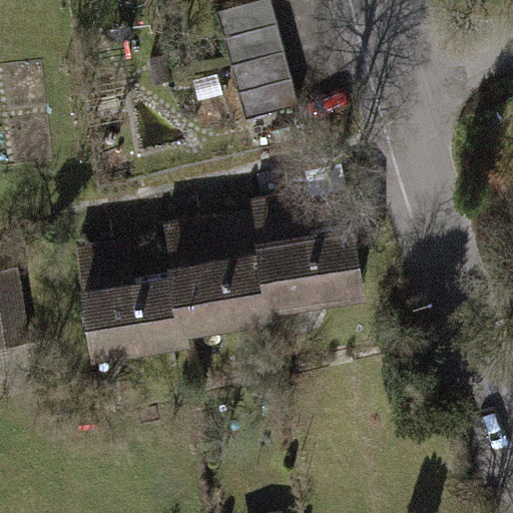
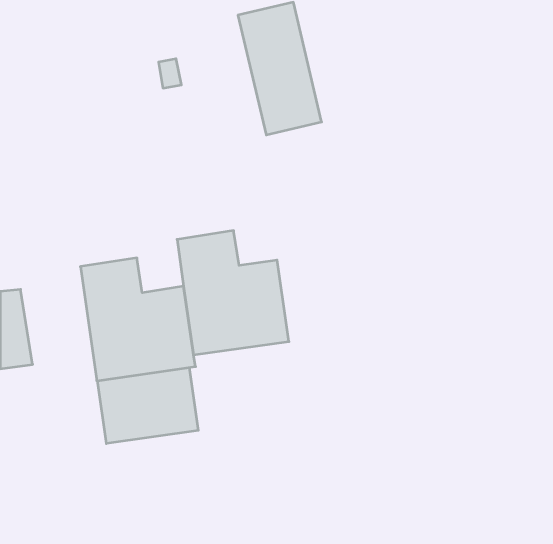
building: [250,200,366,313] -> none
building: none -> [97,368,198,444]

